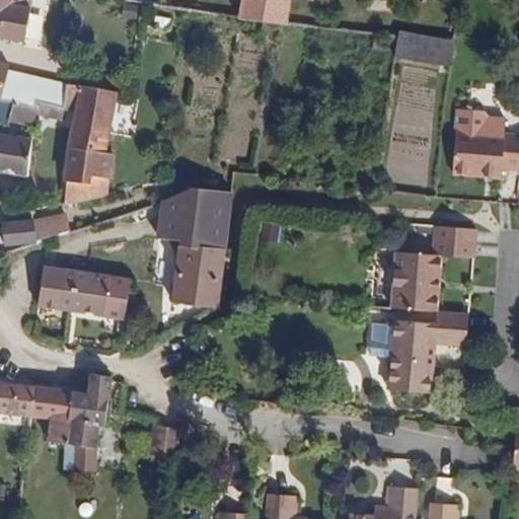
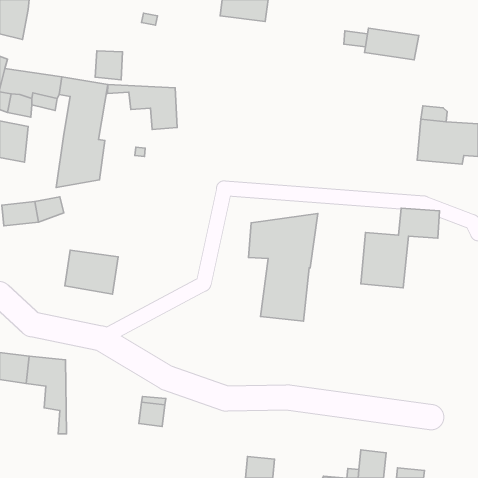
building: none -> [95,51,122,80]
building: none -> [107,84,177,130]
building: [158,190,233,306] -> [248,213,318,321]
building: [38,266,76,309] -> none
building: [370,311,468,393] -> none
building: [71,374,110,470] -> none

